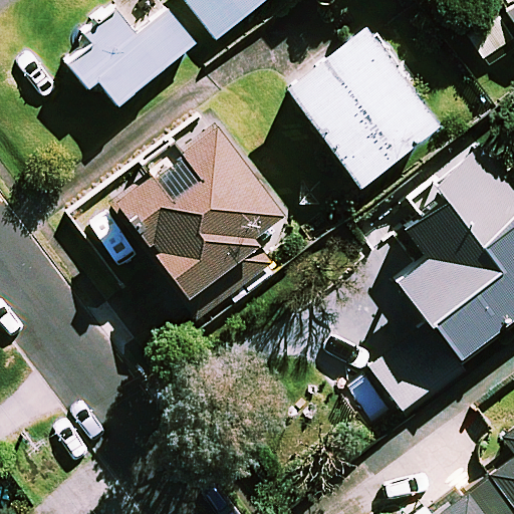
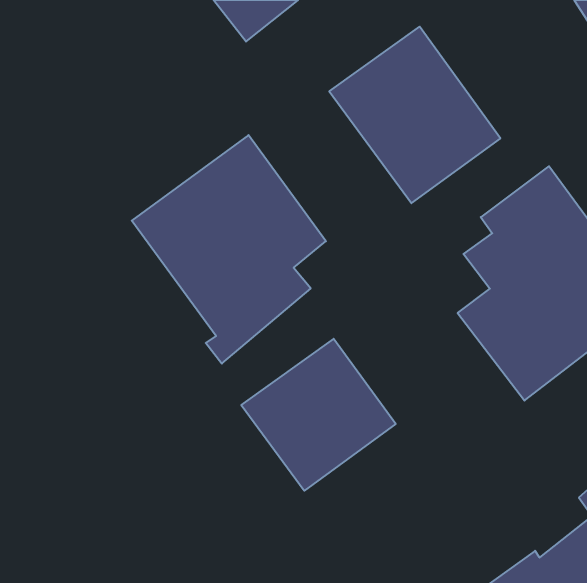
building: [70,11,195,104] -> none
building: none -> [241,339,396,491]

